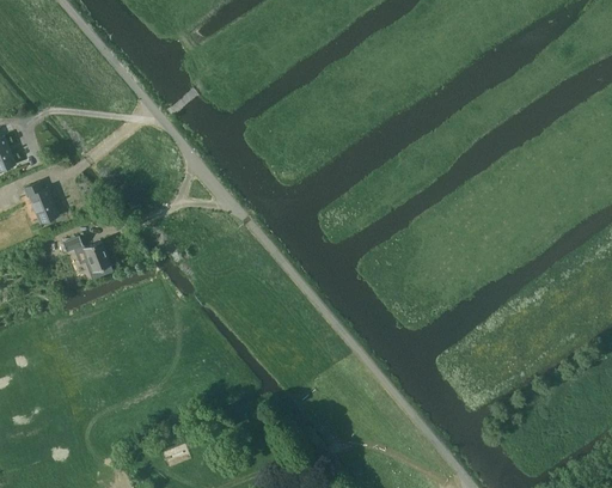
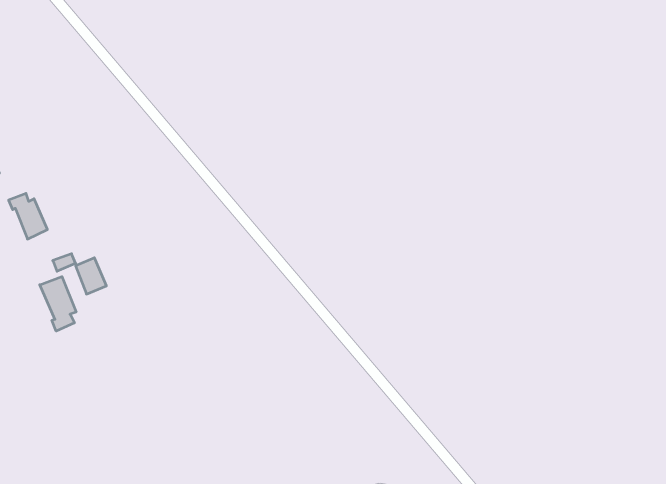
building: none -> [40,277,76,331]

